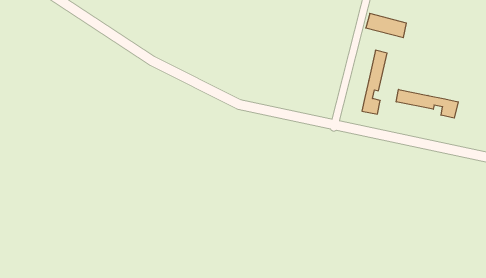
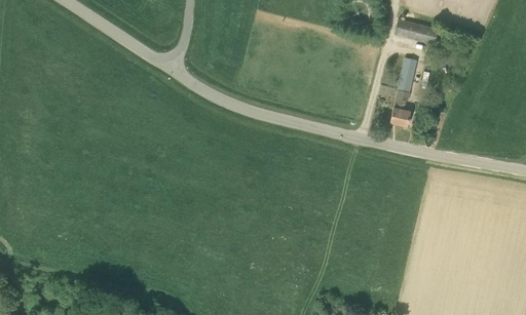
building: [396,89,458,118] -> none

